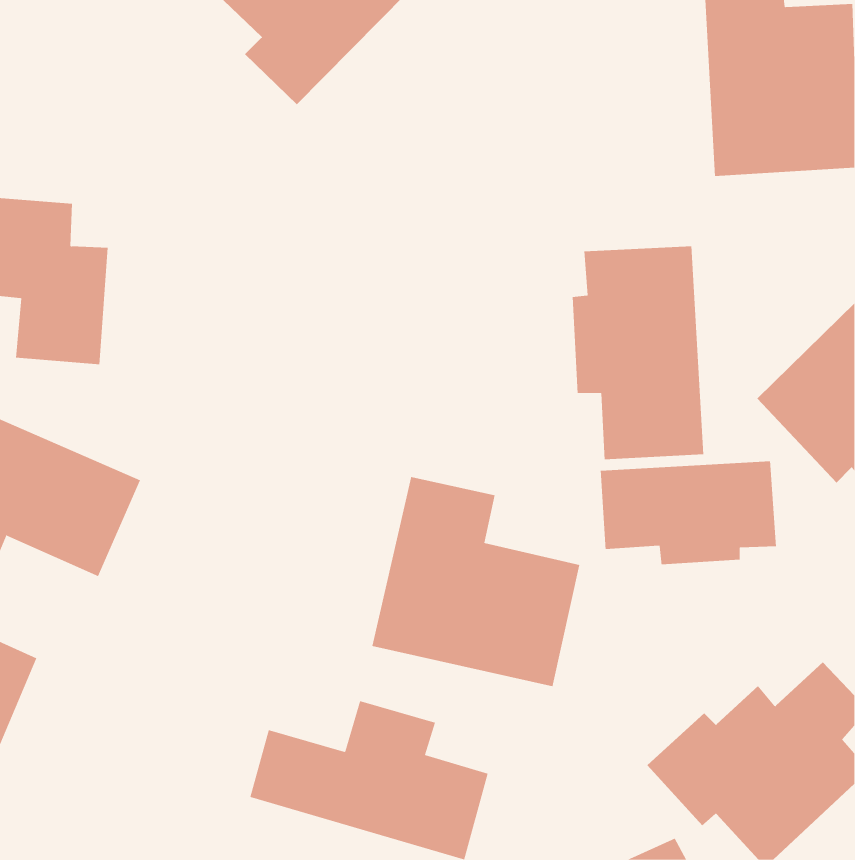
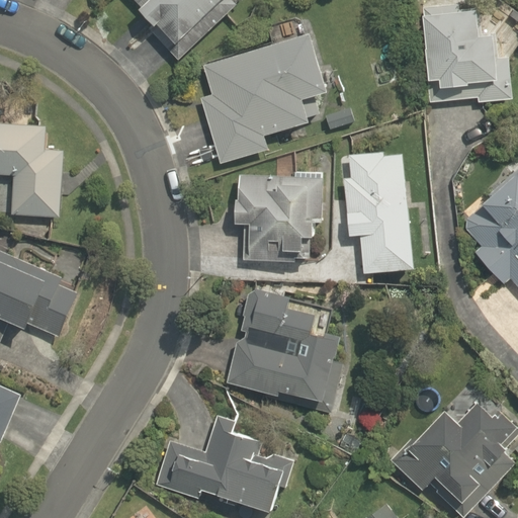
building: none -> [195,32,339,164]
building: none -> [233,173,334,265]
building: [600,460,776,565] -> none

